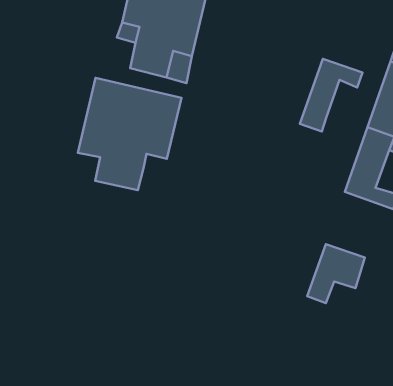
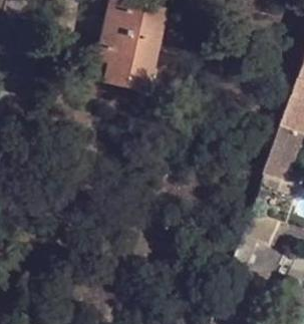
building: [300,59,362,132] -> none
building: [78,78,181,190] -> none

